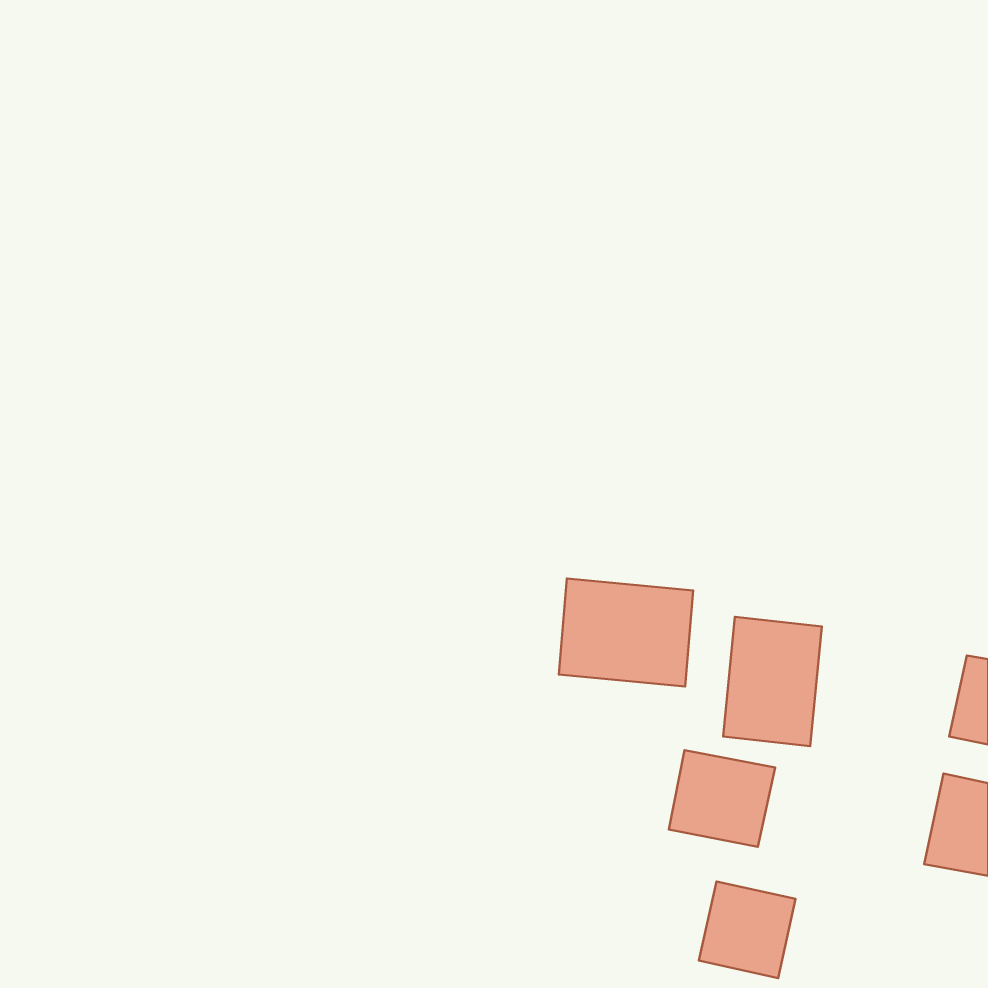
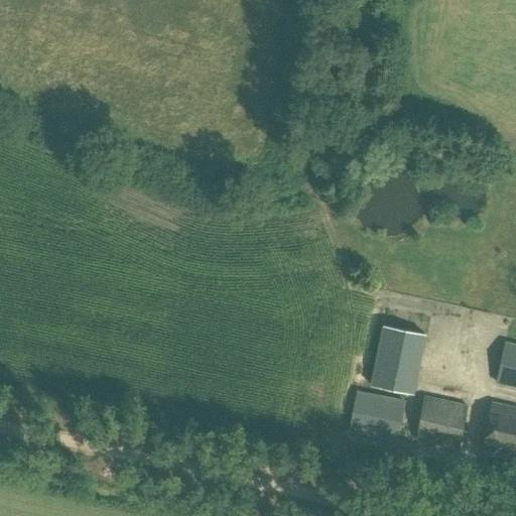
building: [559,578,693,687] -> none
building: [699,881,796,978] -> [416,398,467,448]

